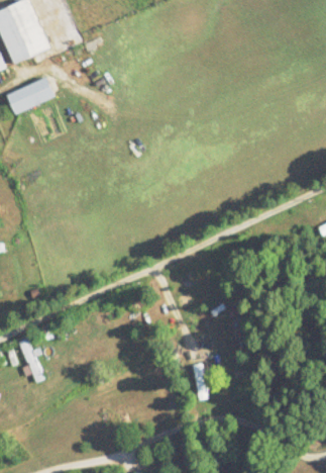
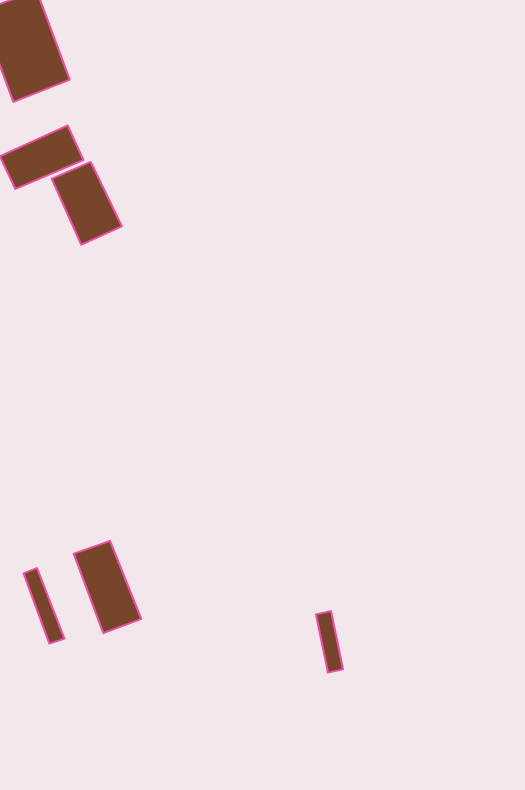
building: none -> [52,162,122,245]
building: none -> [74,541,141,633]

